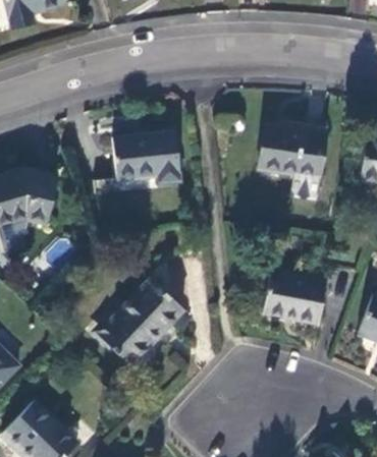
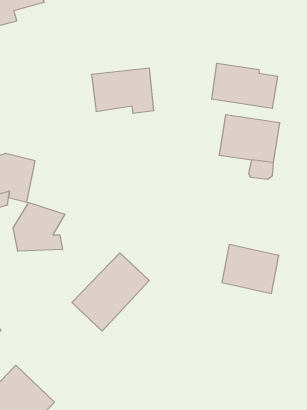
building: none -> [212,63,277,109]
building: [111,134,180,184] -> [91,68,154,113]
building: none -> [13,203,65,251]

